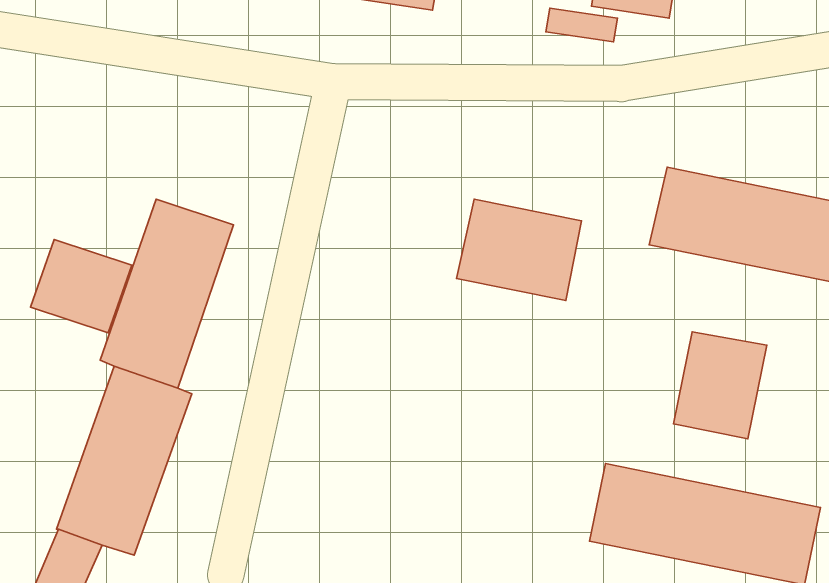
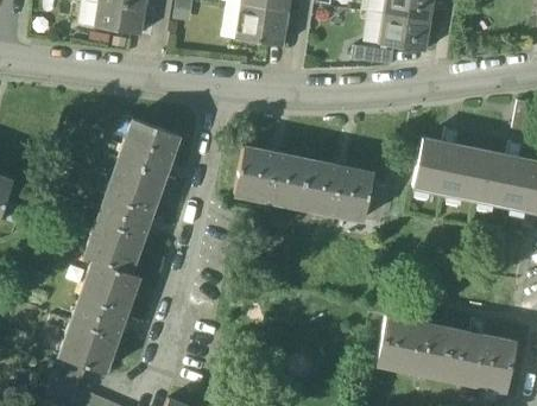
building: none -> [234,146,308,207]
building: [30,239,132,333] -> [118,119,178,175]
building: [674,332,767,439] -> none

